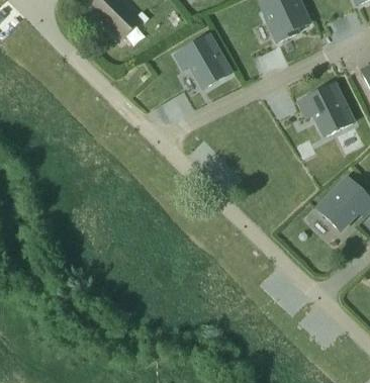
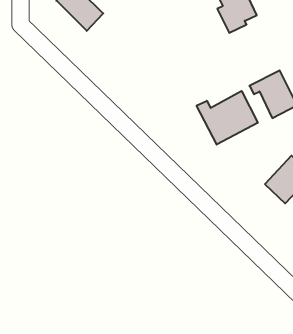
building: [175,34,228,87] -> none
building: none -> [197,91,258,145]

